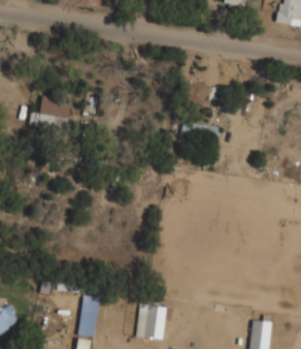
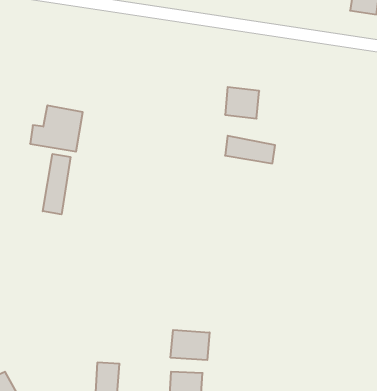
building: none -> [43,154,70,214]
building: none -> [171,330,210,360]

